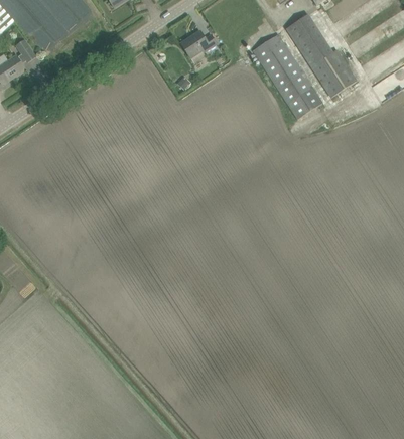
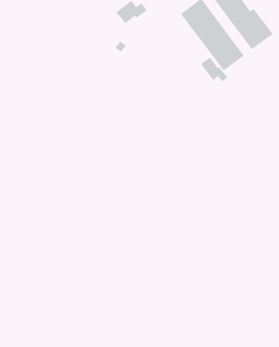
building: none -> [200,57,228,82]

